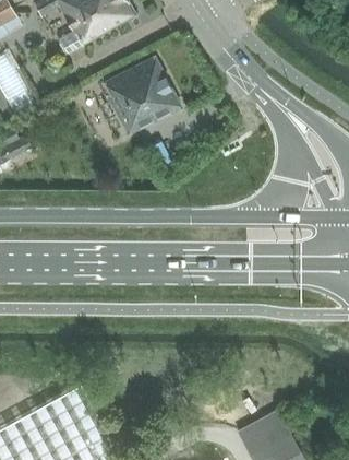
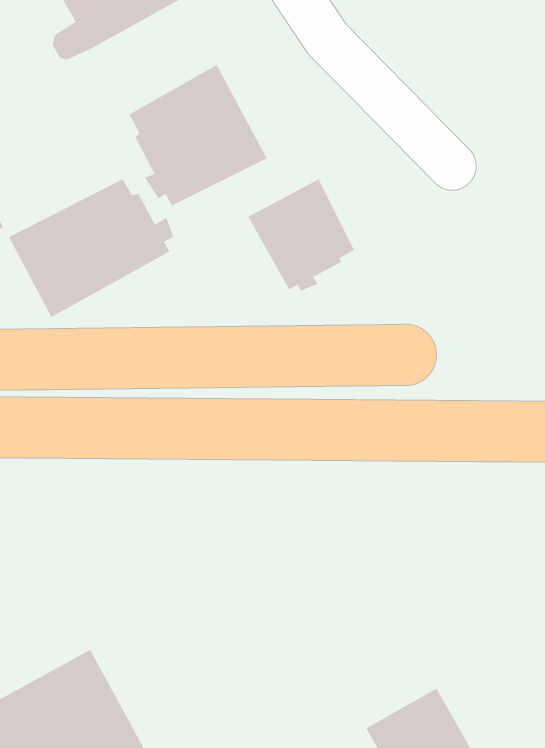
building: none -> [248,178,355,292]
building: none -> [8,179,174,318]

